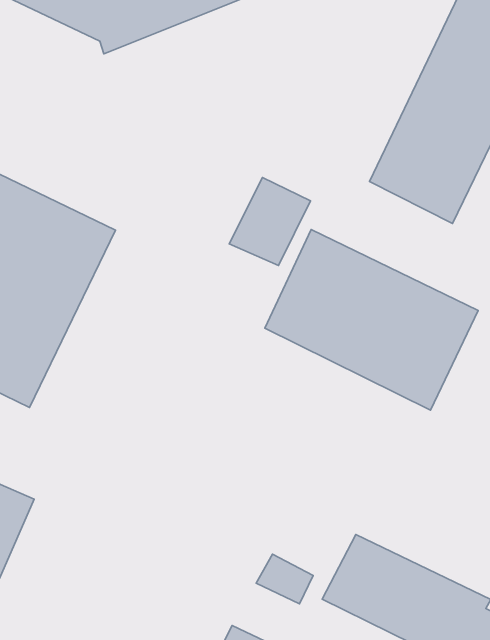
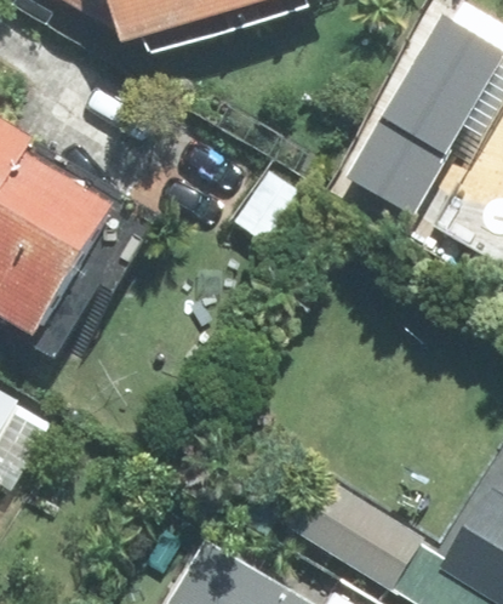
building: [265,230,478,410] -> none

